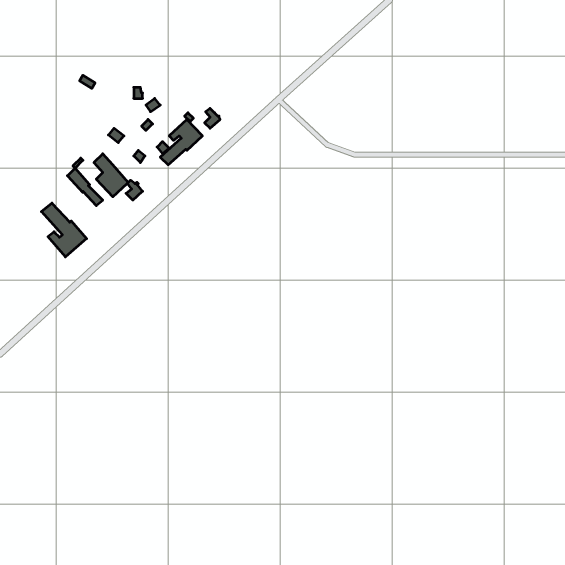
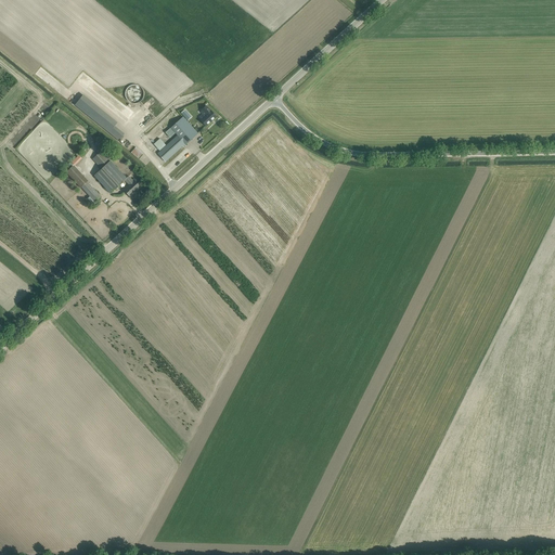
building: [41,203,87,257] -> none

